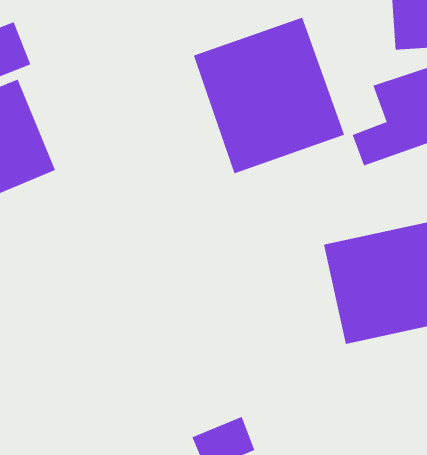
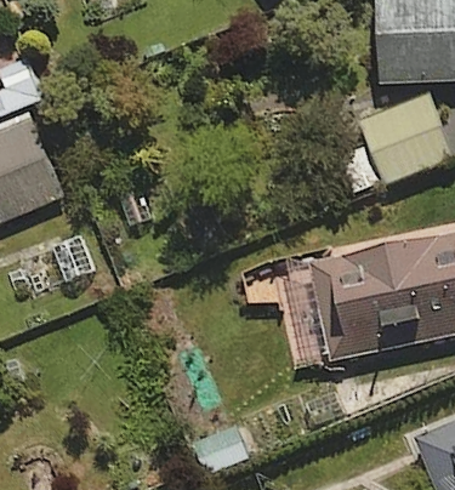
building: [193,17,345,174] -> none

